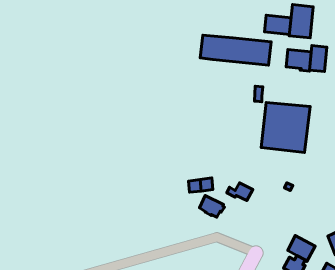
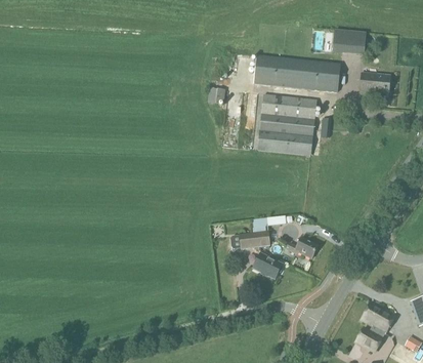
building: [289,5,313,38] -> none
building: [309,46,327,72] -> none
building: [261,102,310,152] -> [257,94,318,156]

